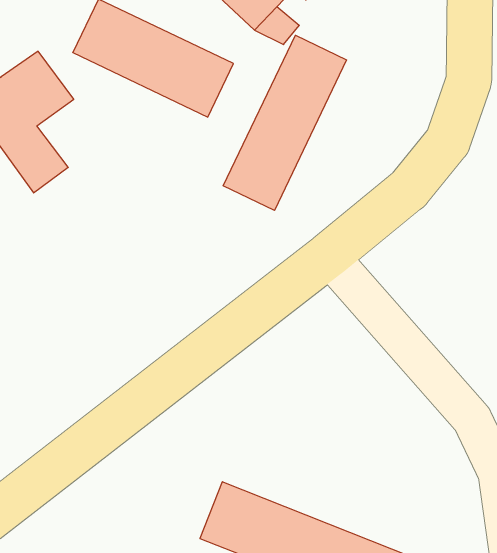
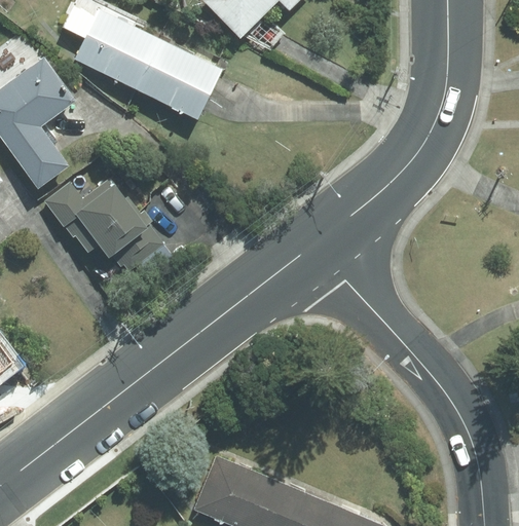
building: [223,35,347,210] -> none
building: none -> [42,177,150,256]

